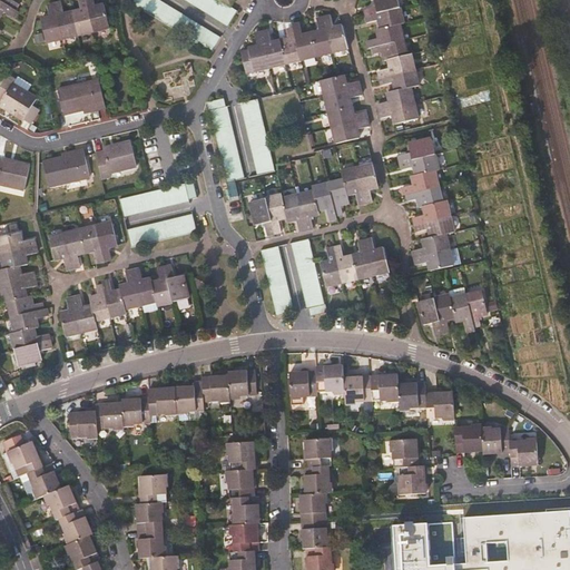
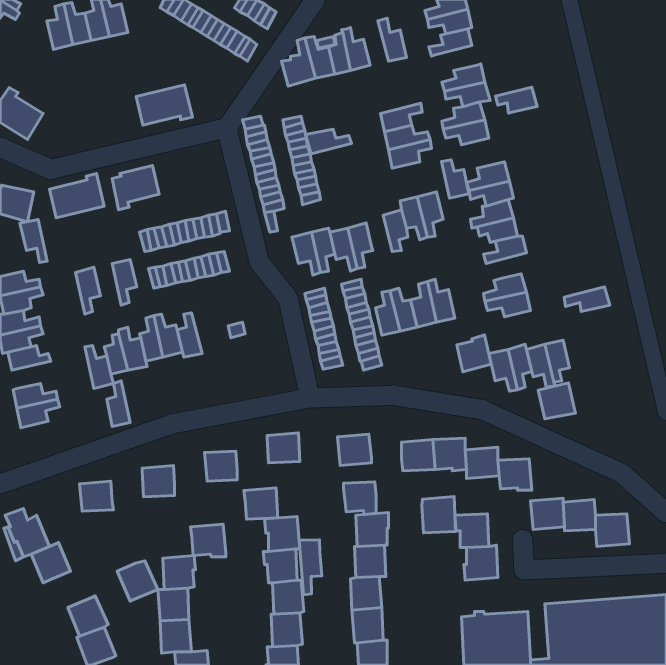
building: [311,18,332,56] -> none
building: [372,39,407,61] -> [495,87,537,113]
building: [321,76,360,97] -> [306,129,351,154]
building: [58,79,106,114] -> [136,85,192,125]
building: none -> [441,160,469,198]
building: [313,184,336,220] -> none
building: [415,216,454,237] -> [564,287,610,312]
building: [80,225,104,262] -> none
building: [49,233,72,269] -> [20,219,47,262]
building: [164,265,188,302] -> none
building: none -> [457,335,491,372]
building: [60,296,80,335] -> [107,381,130,426]
building: [10,307,48,332] -> none
building: none -> [538,383,576,419]
building: [315,365,343,393] -> [344,482,376,514]
building: [200,374,229,401] -> [244,488,278,519]
building: [147,386,177,414] -> [191,524,226,557]
building: [95,402,122,429] -> none
building: none -> [422,496,455,533]
building: none -> [299,540,322,595]
building: [45,485,79,520] -> [117,561,158,601]

